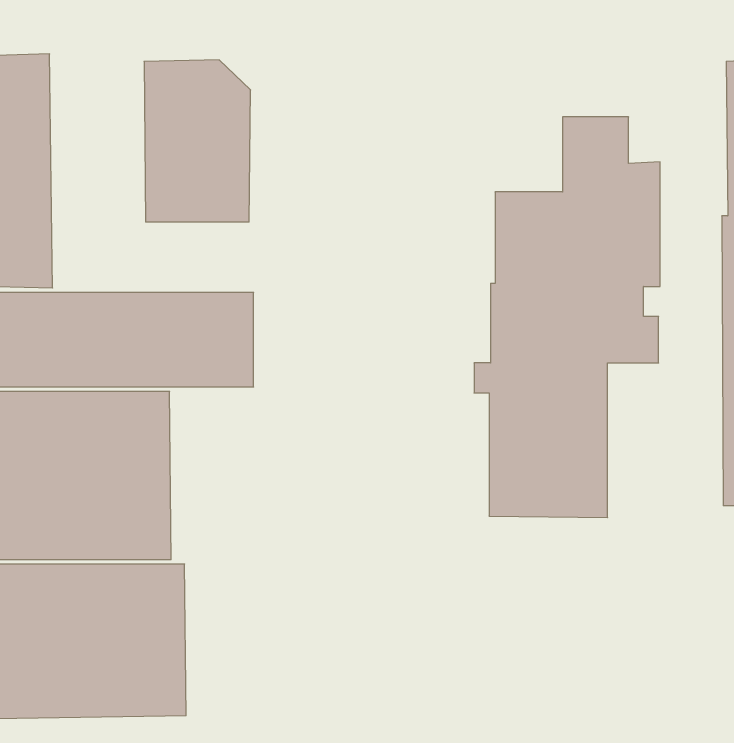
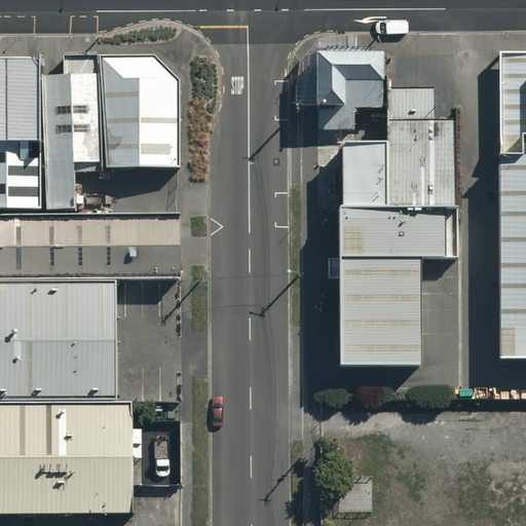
building: none -> [294,49,381,127]
building: none -> [41,57,100,212]

